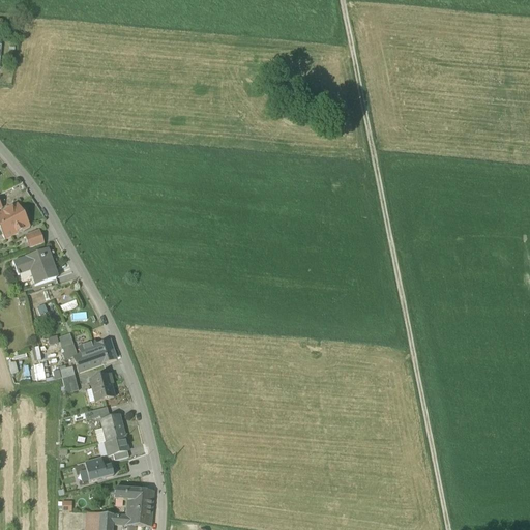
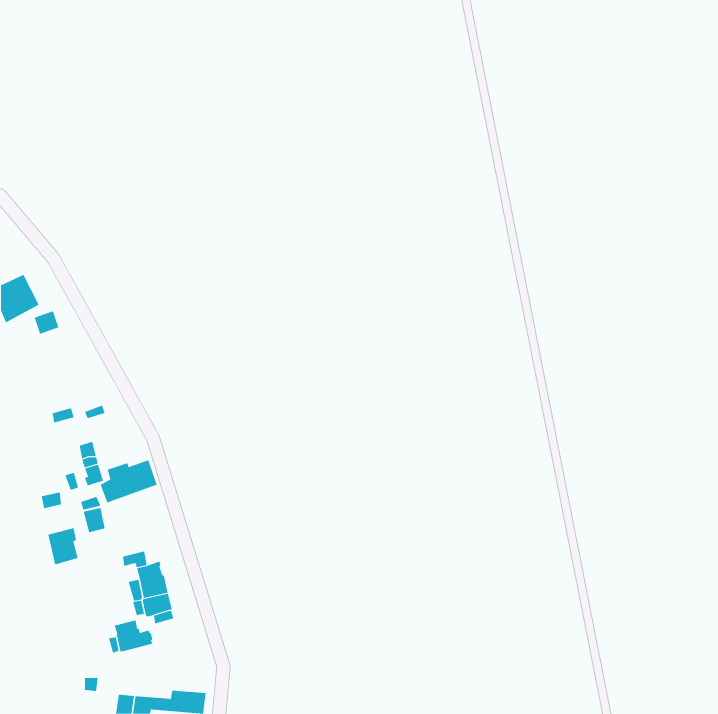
building: [12,247,56,283] -> none
building: [90,373,113,401] -> [47,527,78,565]
building: [113,487,153,510] -> none

